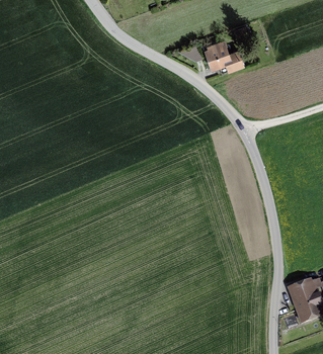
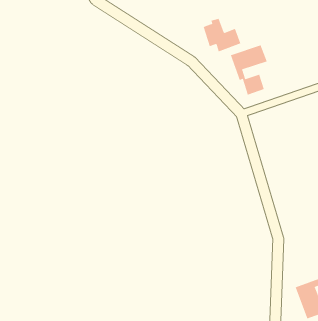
building: none -> [230,44,267,95]

